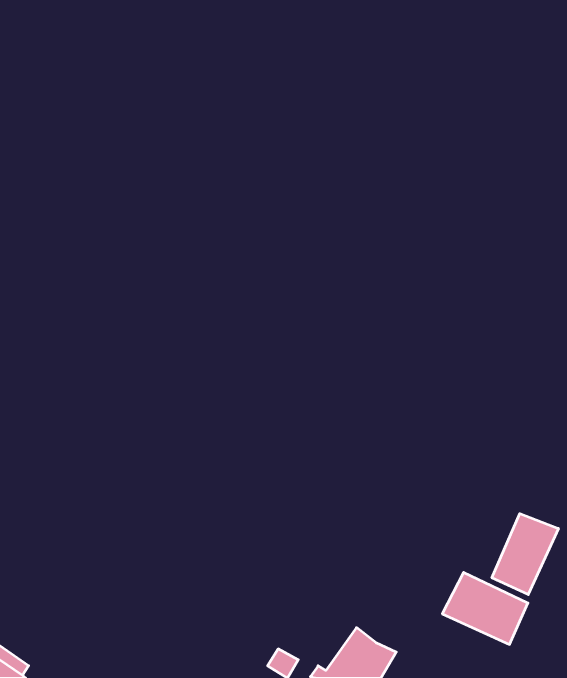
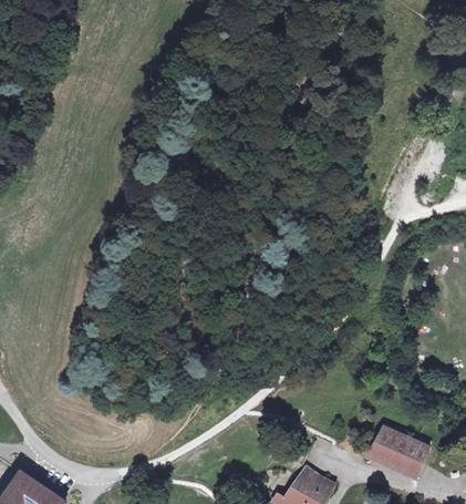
building: [492,514,558,595] -> none

